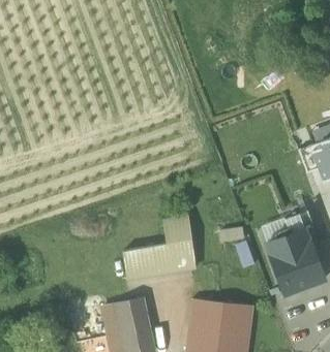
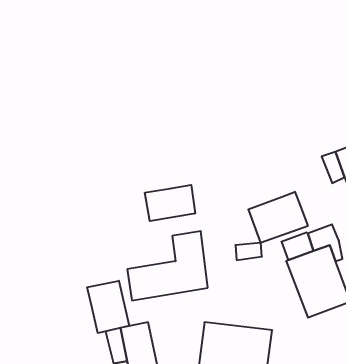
building: none -> [145,185,195,221]
building: none -> [248,192,308,243]
building: none -> [87,281,129,333]

